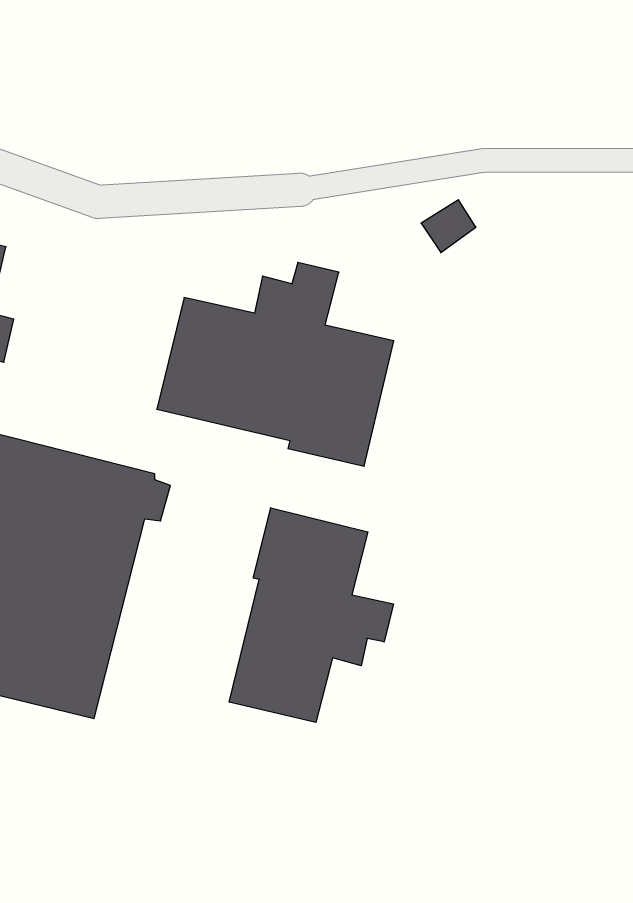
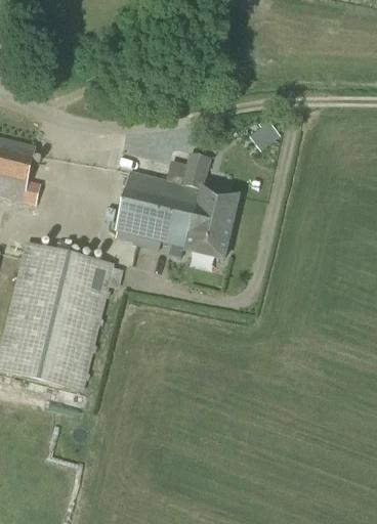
building: [229,508,393,722] -> none

